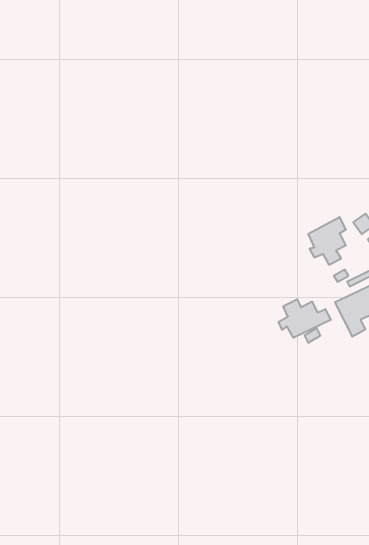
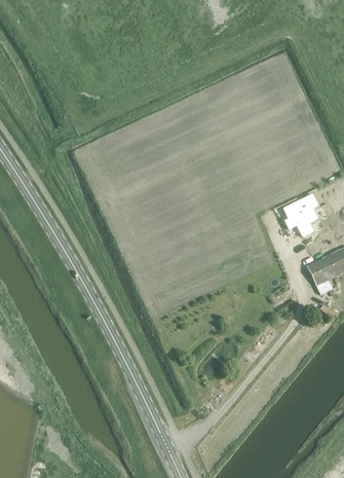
building: [279,299,331,338] -> none

